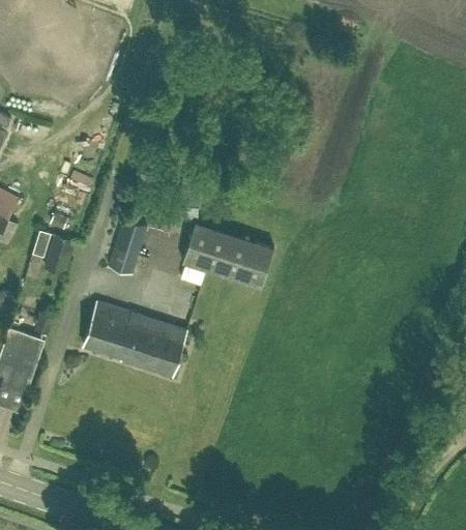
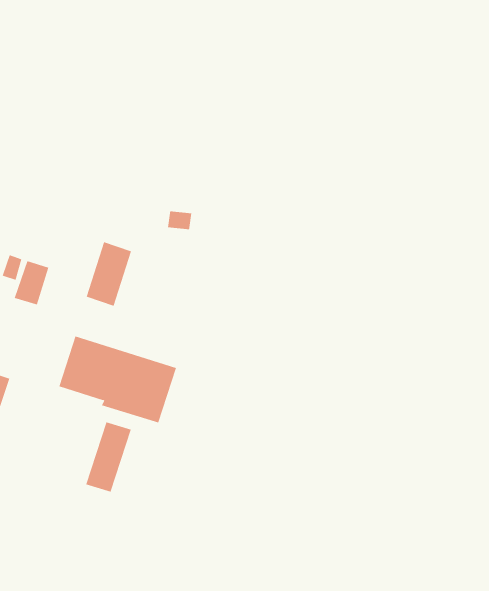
building: [182,223,274,289] -> none
building: none -> [86,421,132,492]

